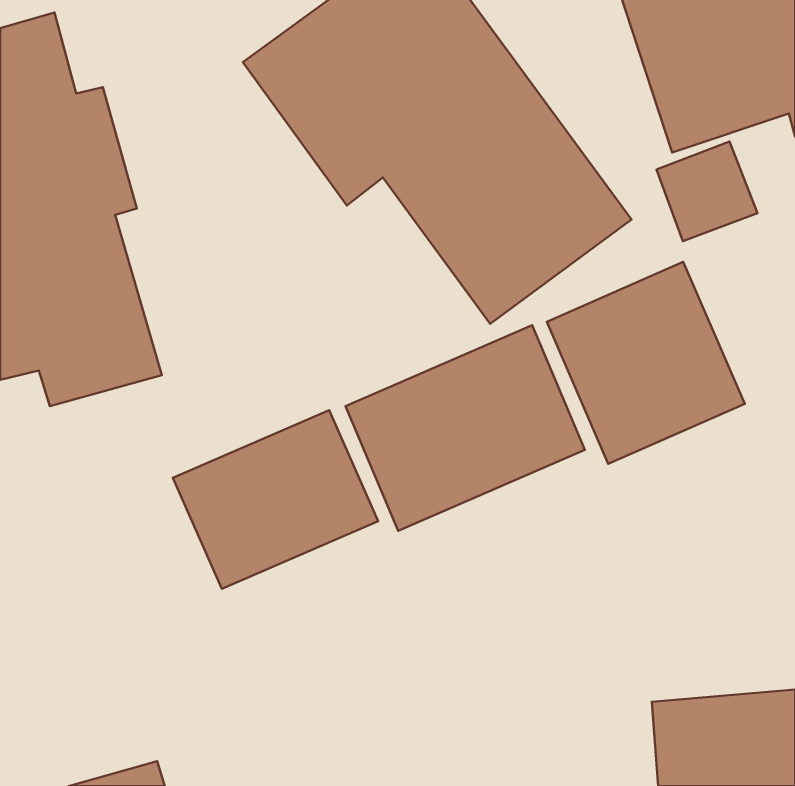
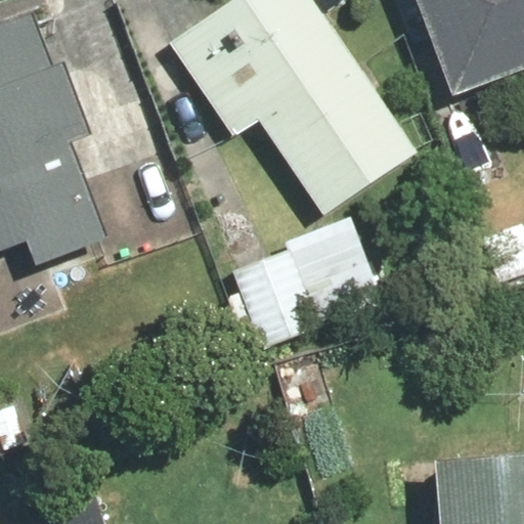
building: [547,262,745,464] -> none
building: [173,410,378,589] -> none

